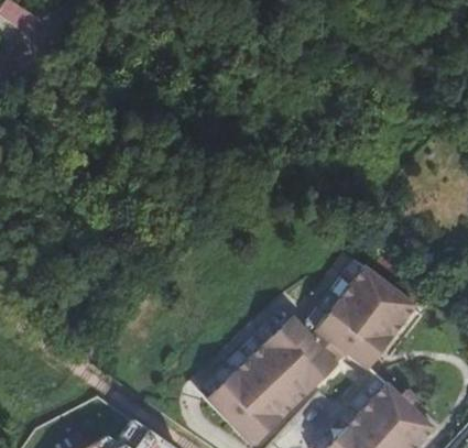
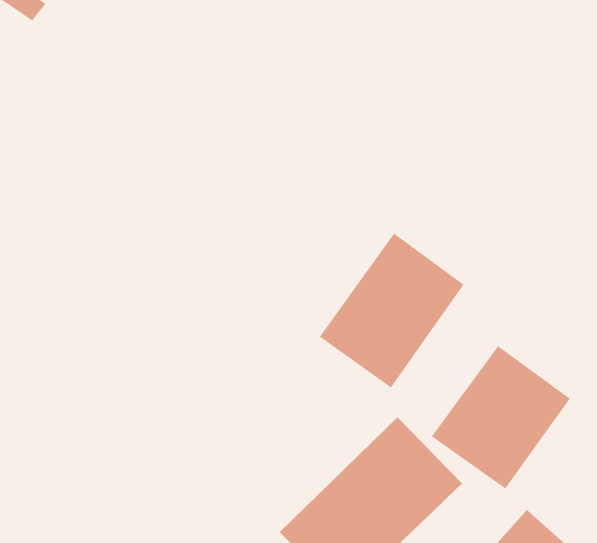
building: none -> [319,232,464,389]

